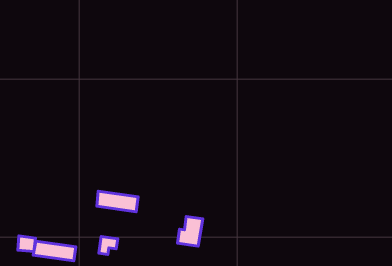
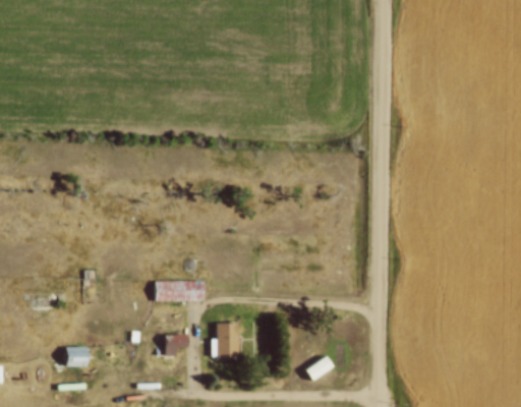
building: [177,216,203,246] -> [211,324,237,357]
building: [33,241,76,261] -> none

